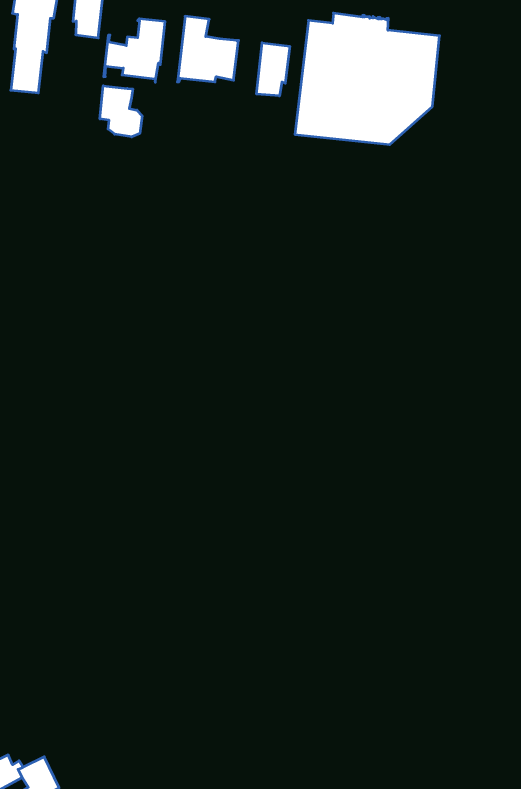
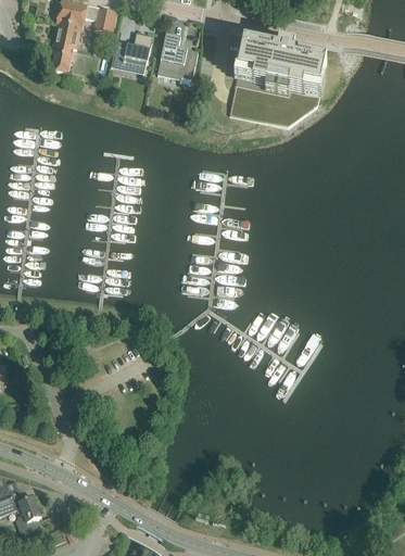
building: [257,43,290,96] -> none
building: [100,86,142,137] -> none

